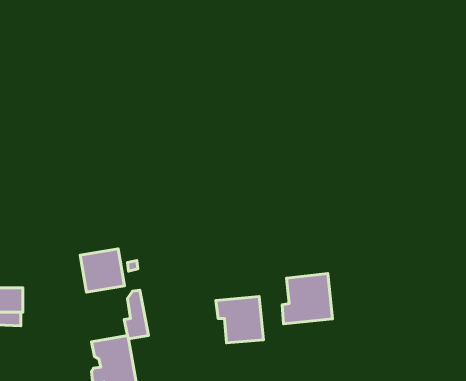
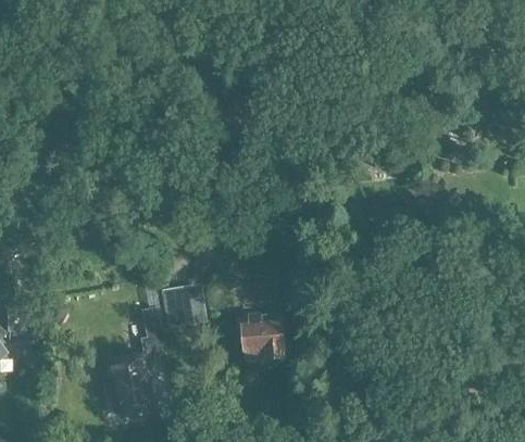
building: [80,249,124,292] -> [162,283,208,328]
building: [282,274,332,324] -> none

